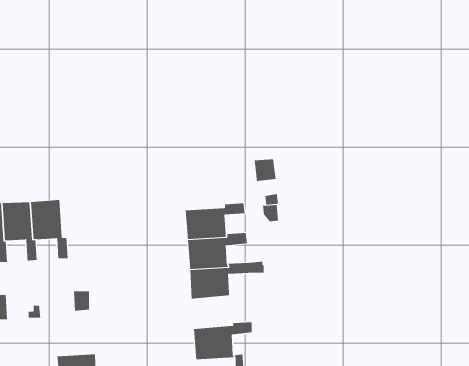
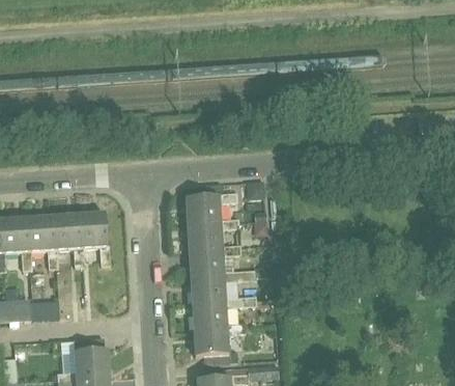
building: none -> [184,189,236,222]
building: none -> [77,211,110,263]
building: none -> [191,293,257,326]

